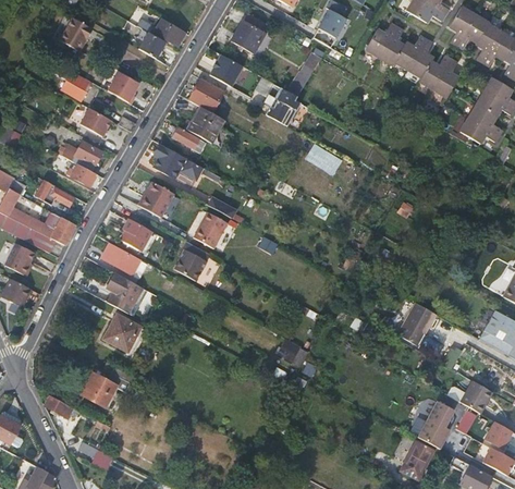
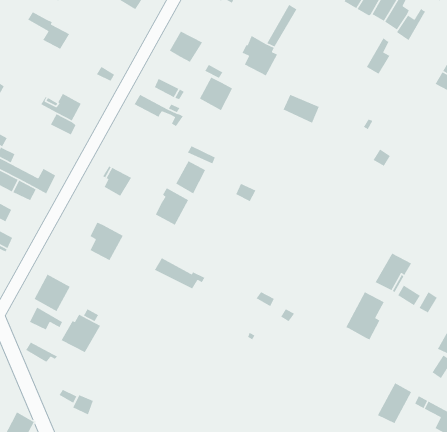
building: [210,53,242,86] -> none
building: [433,59,458,97] -> [366,37,391,75]
building: [108,69,140,100] -> none
building: [188,106,223,140] -> [199,76,233,111]
building: [79,107,109,135] -> none
building: [139,180,176,215] -> none
building: [34,181,73,206] -> none
building: [101,243,154,276] -> [154,257,205,289]
building: [102,313,140,352] -> [33,274,71,312]
building: none -> [29,307,63,330]
building: [416,398,456,448] -> [345,291,385,340]

